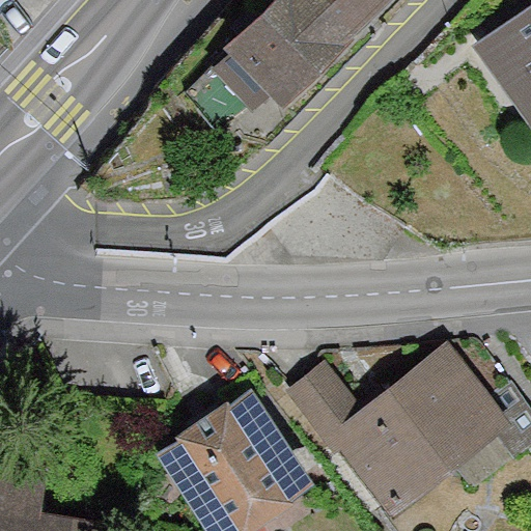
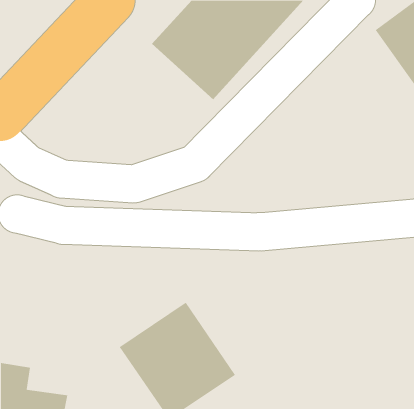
building: [287,338,515,521] -> none

